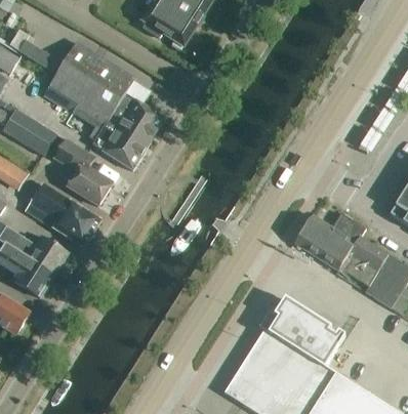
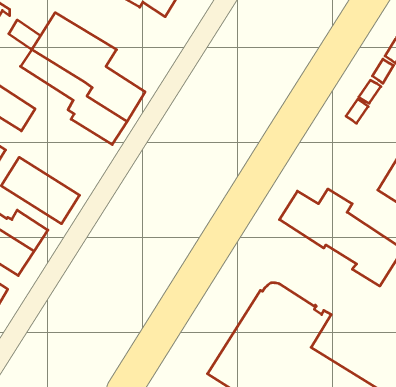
building: [52,136,111,205] -> none

